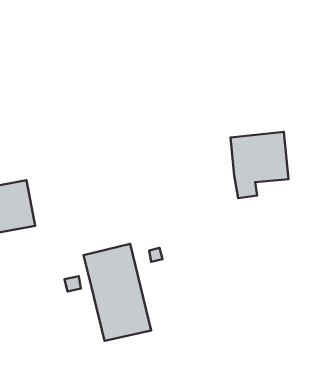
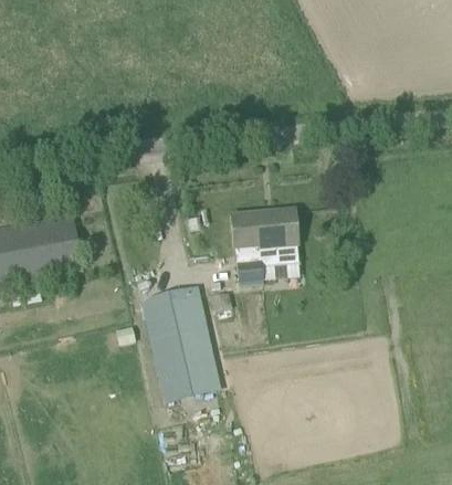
building: [230,132,288,198] -> [233,205,301,283]

